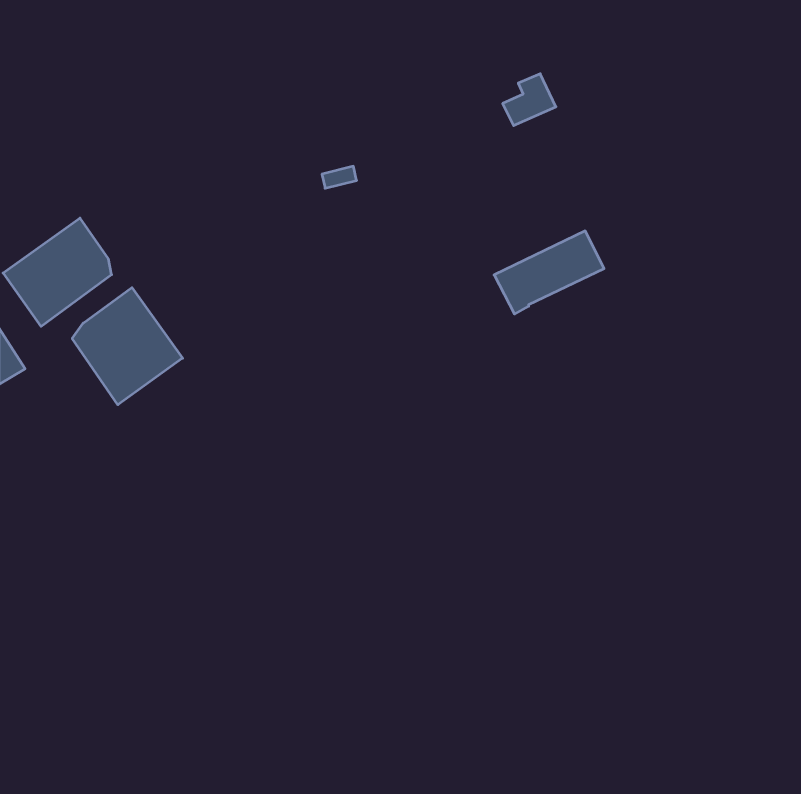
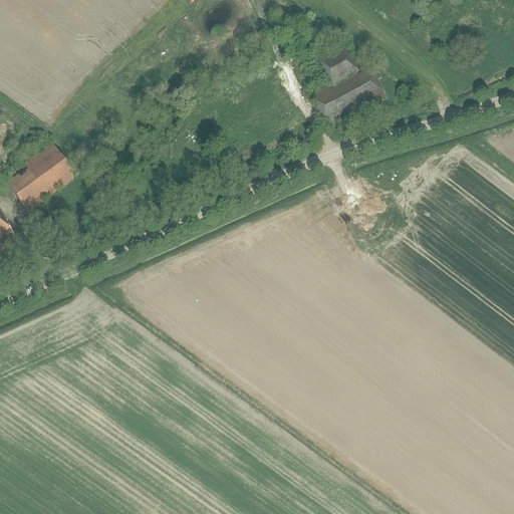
building: [494,231,604,314] -> [312,68,382,121]
building: [72,288,183,405] -> none

